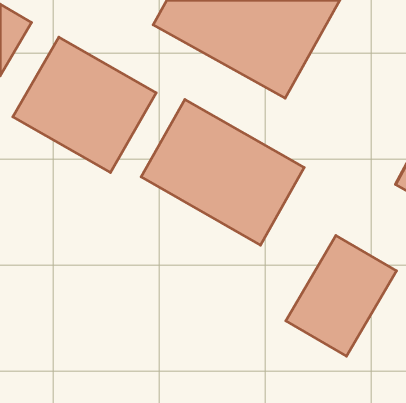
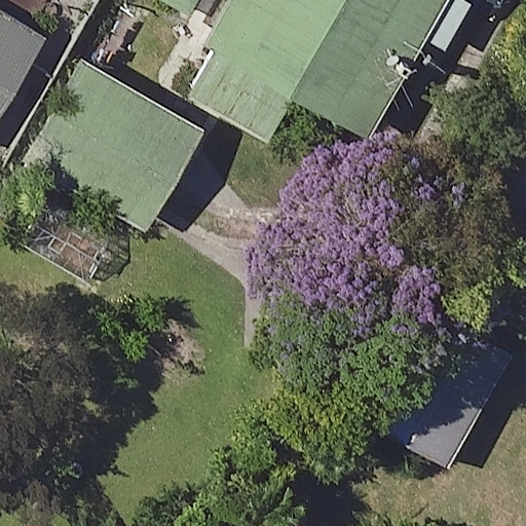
building: [141,99,304,245] -> none

